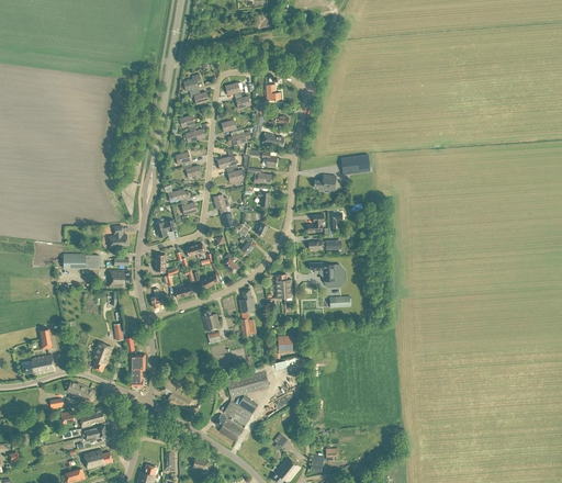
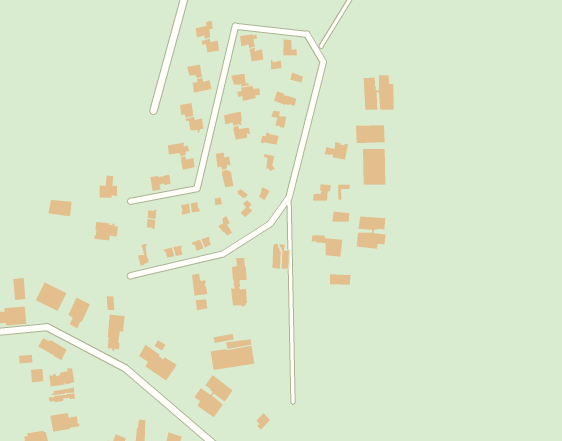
building: none -> [363,75,394,111]
building: none -> [362,148,386,185]
building: none -> [356,216,386,249]
building: none -> [35,282,67,312]

